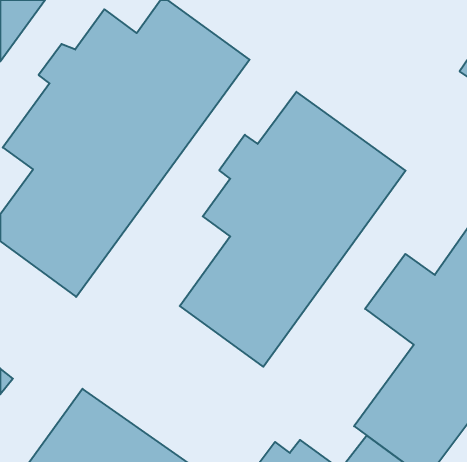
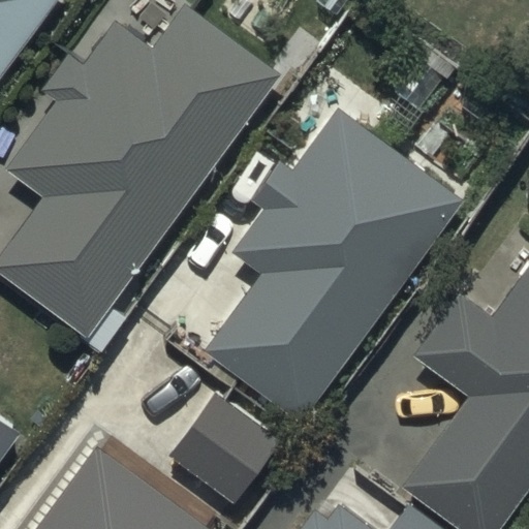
building: none -> [168,395,278,503]

